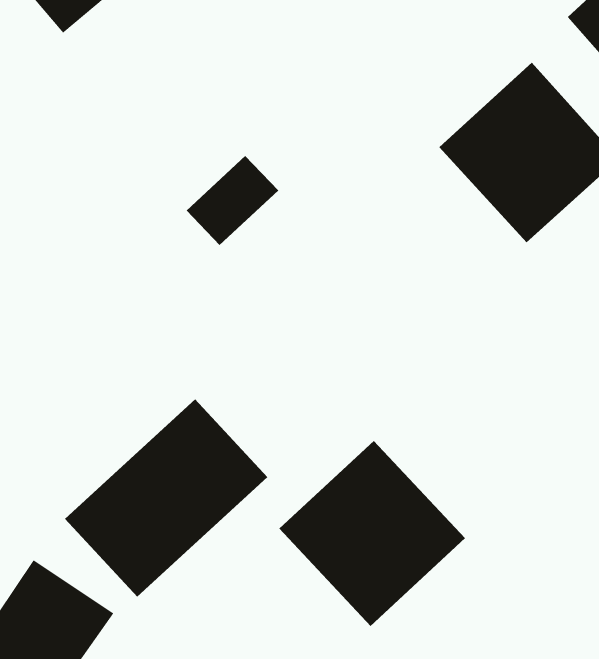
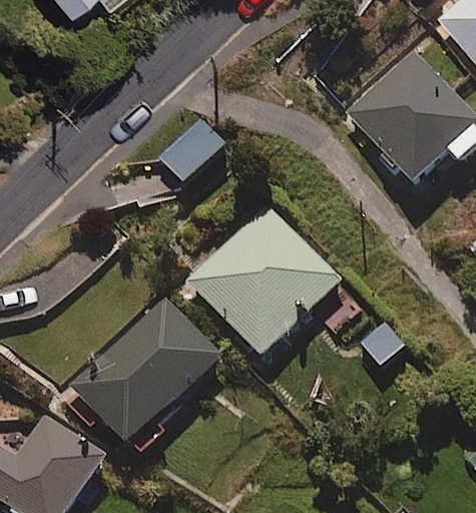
building: none -> [186,202,342,358]
building: [279,440,466,627] -> none

